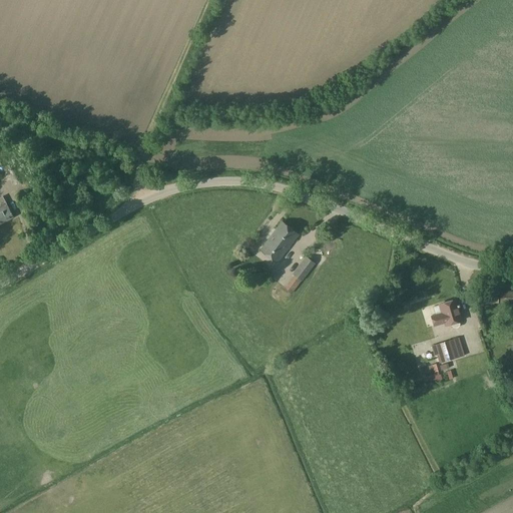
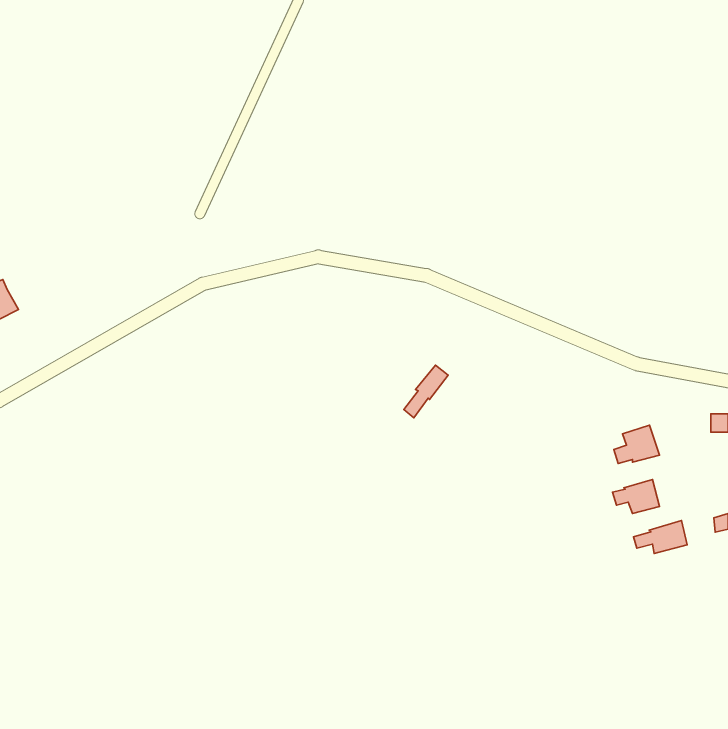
building: [261,221,297,262] -> none
building: none -> [634,521,687,554]

